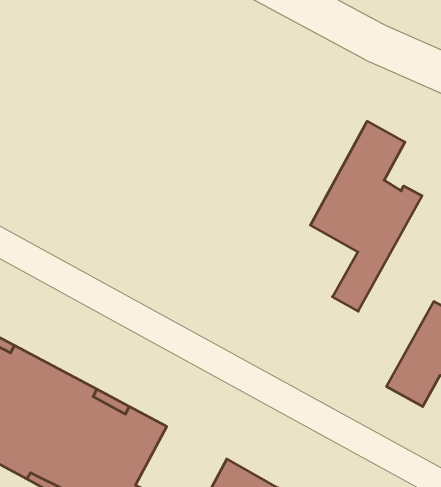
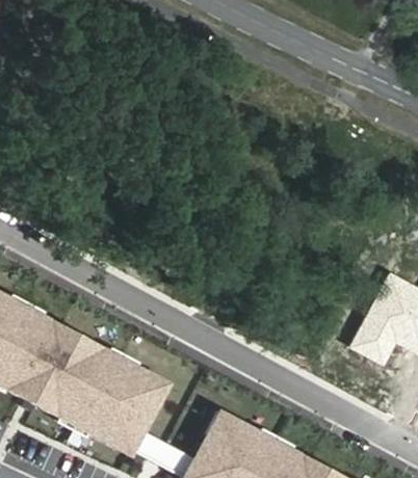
building: [310,121,422,311] -> none

